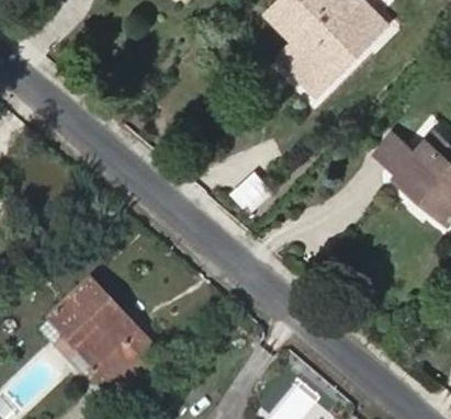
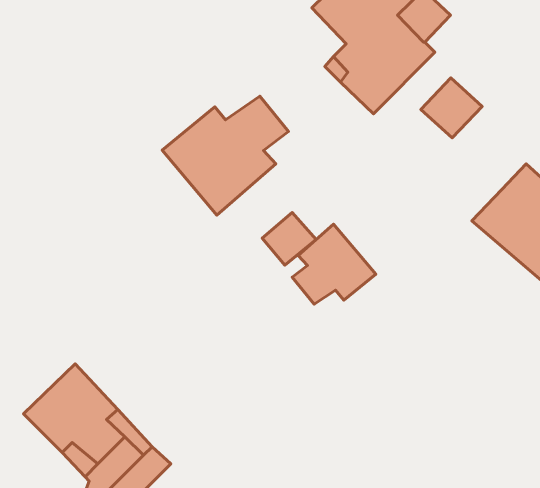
building: none -> [162,96,289,215]
building: [370,127,417,173] -> [421,78,482,138]
building: none -> [292,224,376,304]

